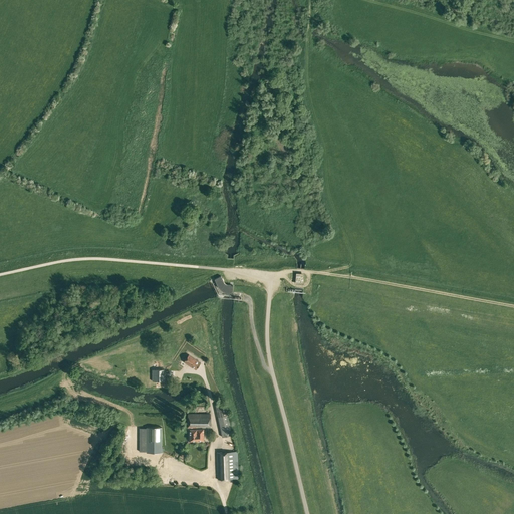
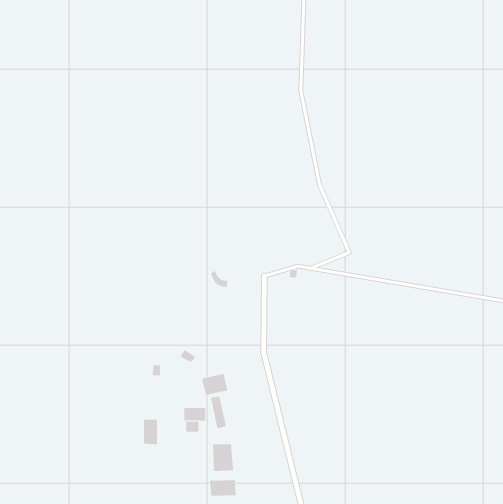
building: none -> [201,373,228,396]
building: none -> [209,479,236,497]

